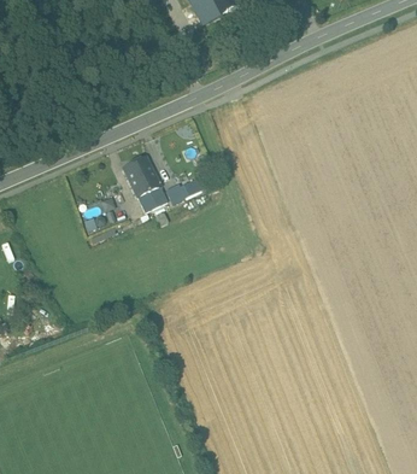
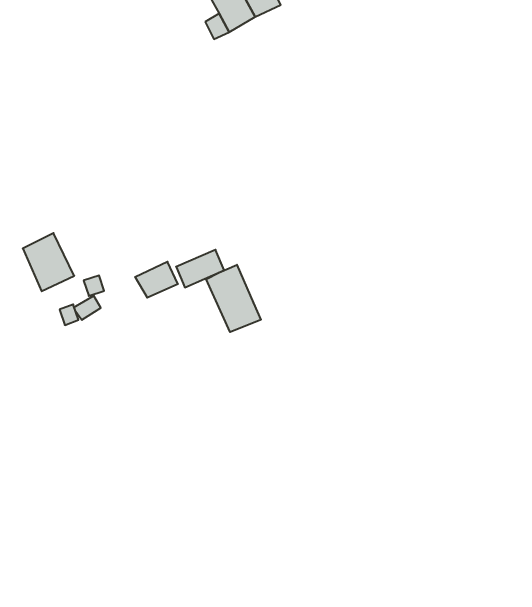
building: [123,156,159,197] -> [23,233,74,291]
building: none -> [206,265,261,332]

